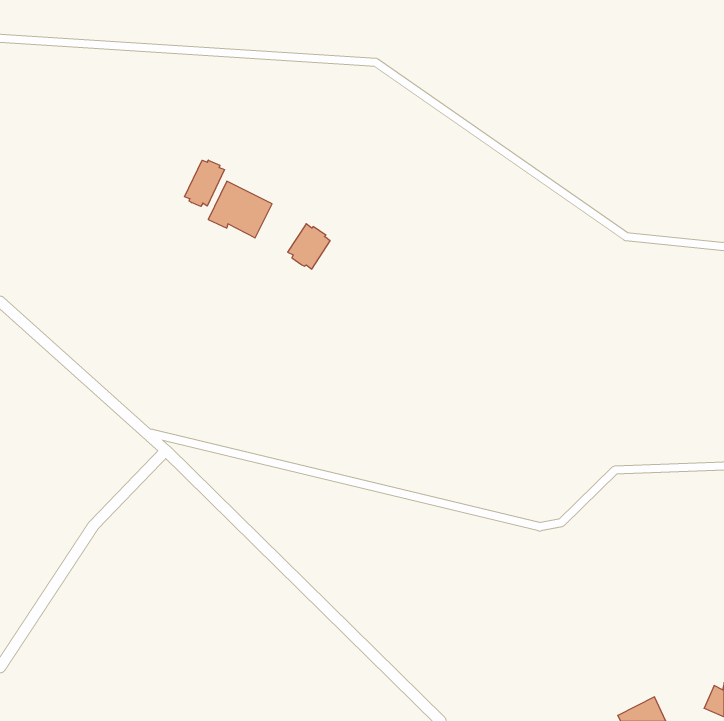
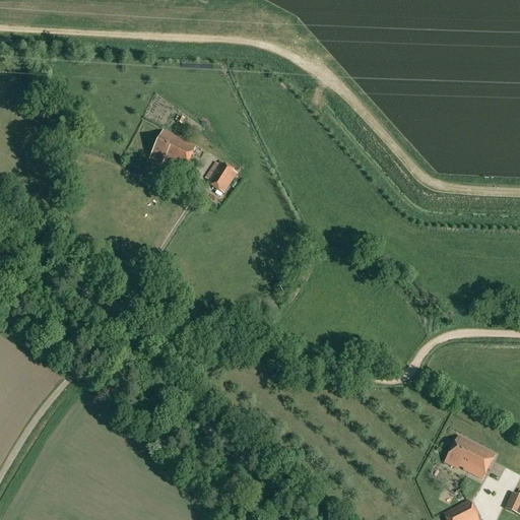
building: [184,160,225,206] -> none
building: none -> [444,435,495,478]

